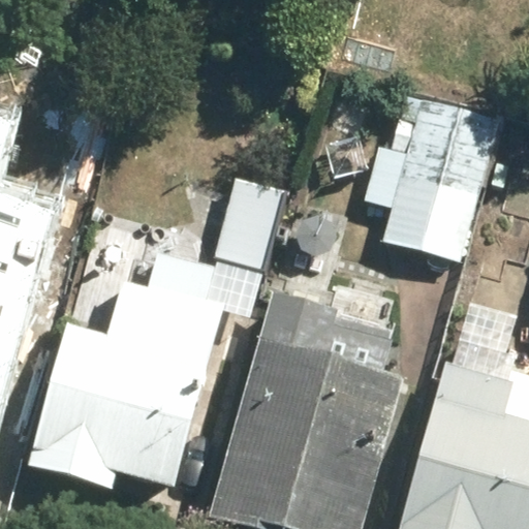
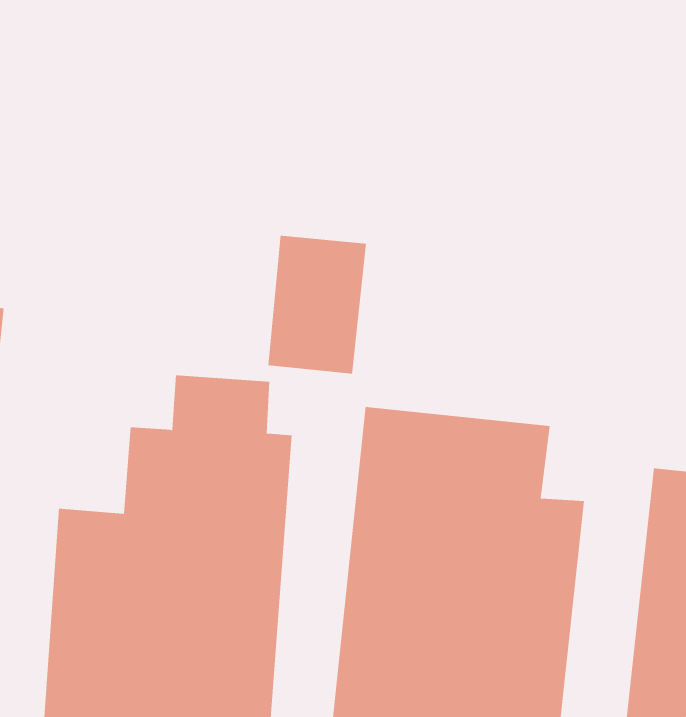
building: [382,95,498,259] -> none

